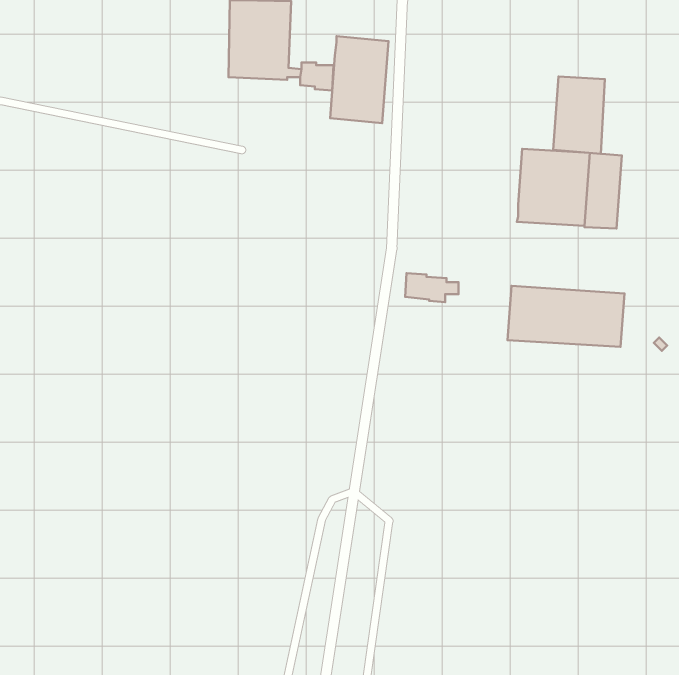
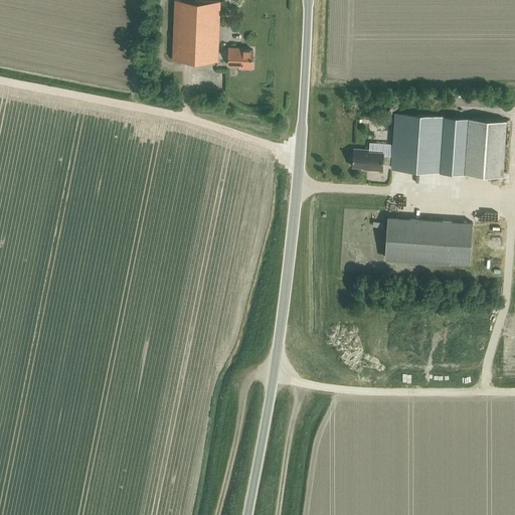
building: [330,36,389,123] -> none
building: [553,77,605,154] -> [467,121,506,179]
building: [405,273,458,302] -> [352,151,392,173]

